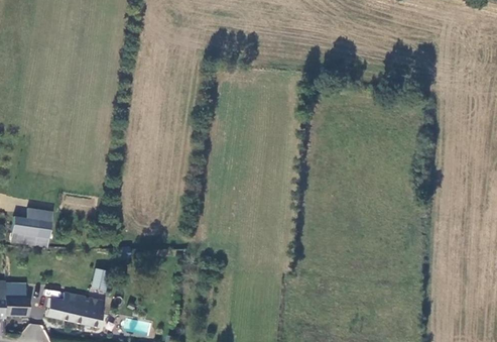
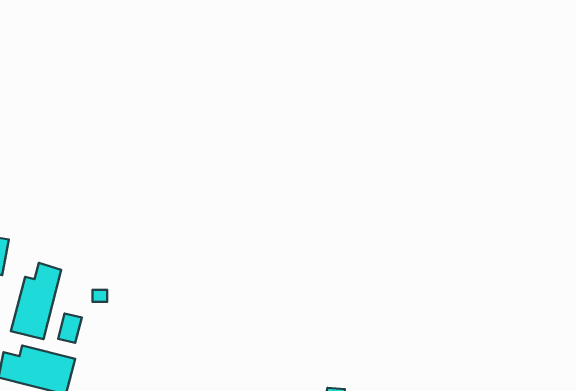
building: none -> [11,263,61,339]

